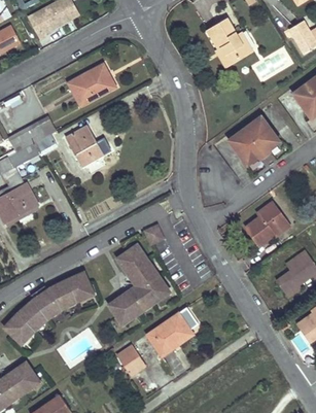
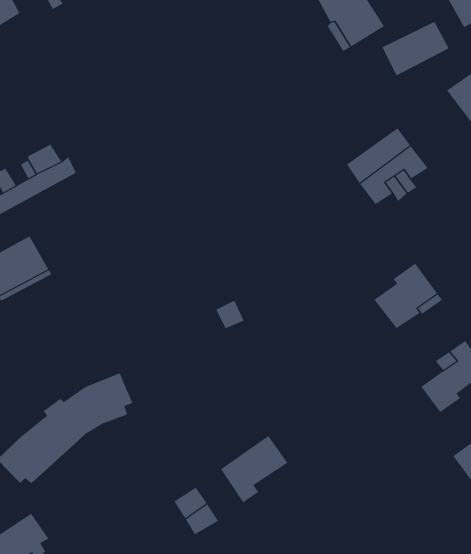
building: [69,66,113,105] -> none
building: [65,126,104,168] -> none
building: [107,247,167,324] -> none

